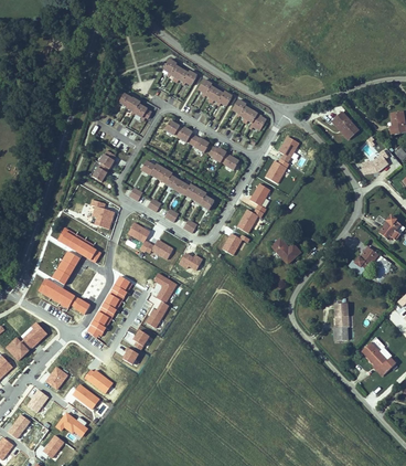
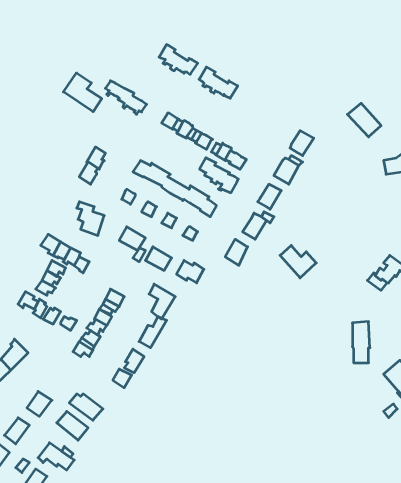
building: none -> [63,73,102,112]
building: [233,100,267,131] -> [200,158,238,193]

